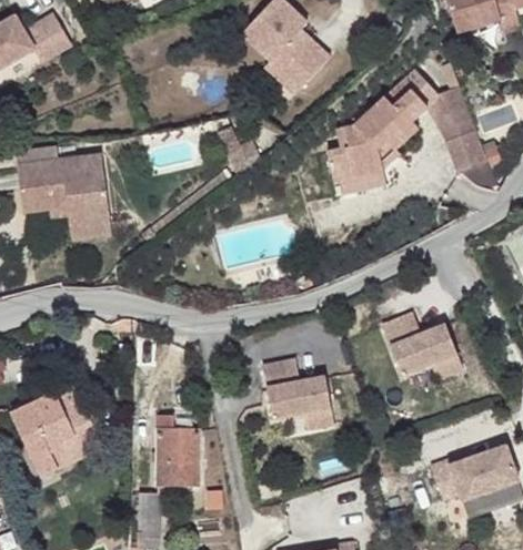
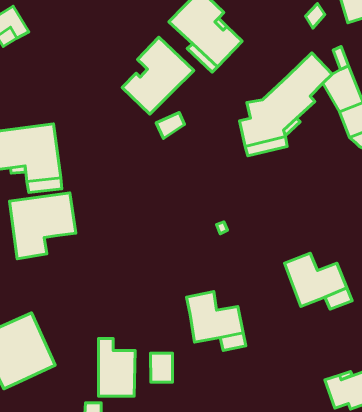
building: none -> [122,37,194,114]
building: none -> [10,193,76,259]
building: none -> [151,353,173,382]

